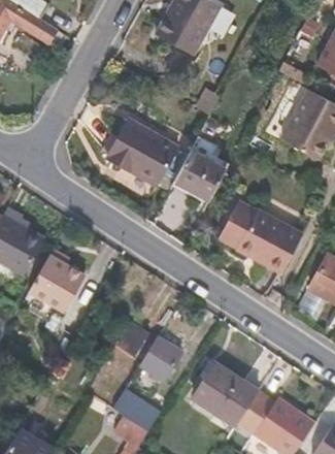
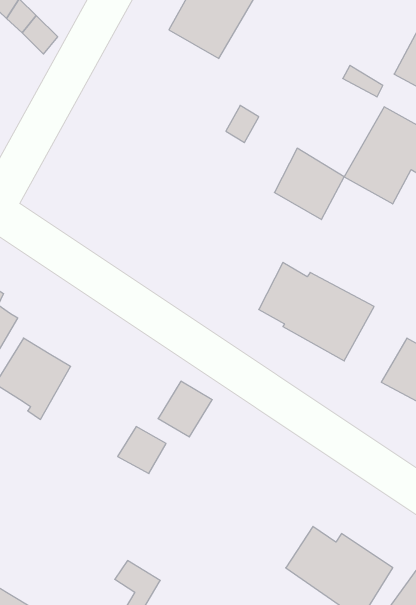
building: [105,118,176,186] -> none
building: [175,149,226,200] -> [274,148,344,220]
building: [142,339,181,380] -> [158,381,212,437]
building: [195,363,260,426] -> none
building: [113,389,162,432] -> none

